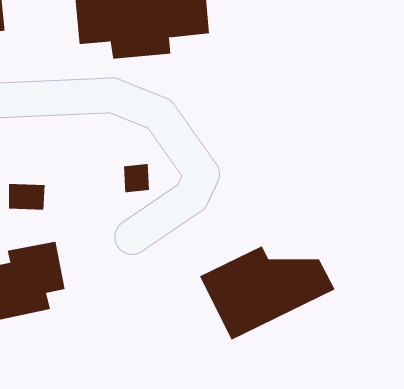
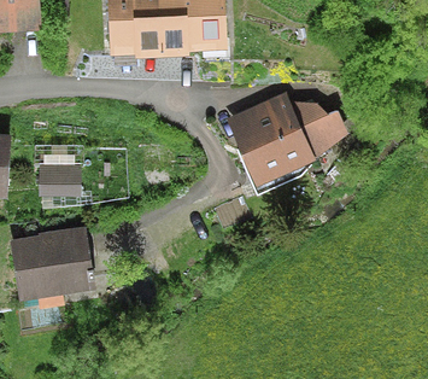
building: [199,245,336,340] -> [225,94,348,180]

